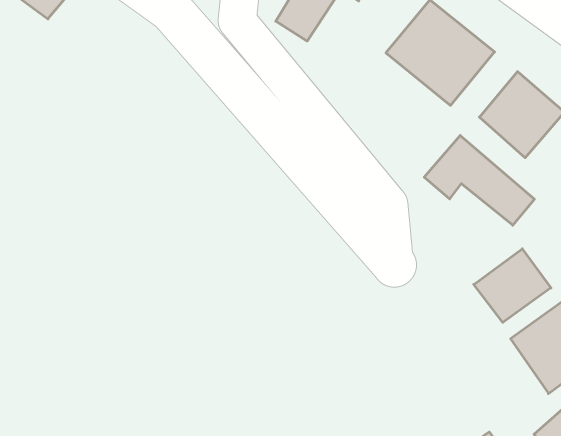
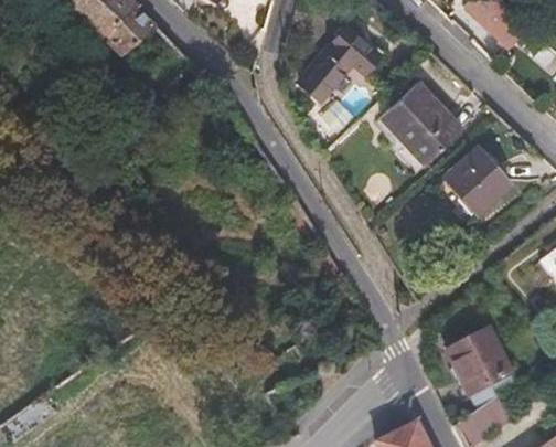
building: [424,135,534,225] -> none
building: [474,249,551,322] -> none

